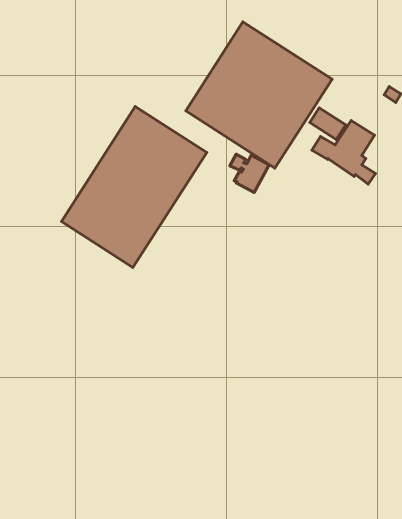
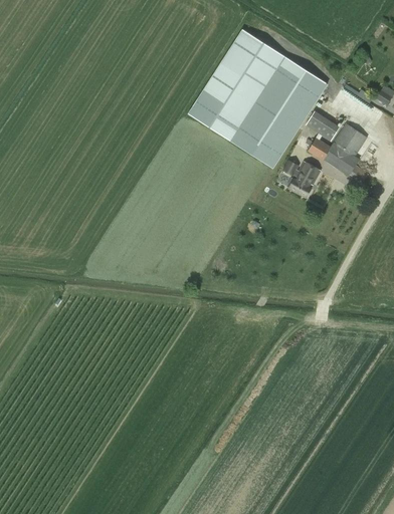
building: [61,106,207,267] -> none
building: [230,154,269,192] -> [282,161,320,197]

